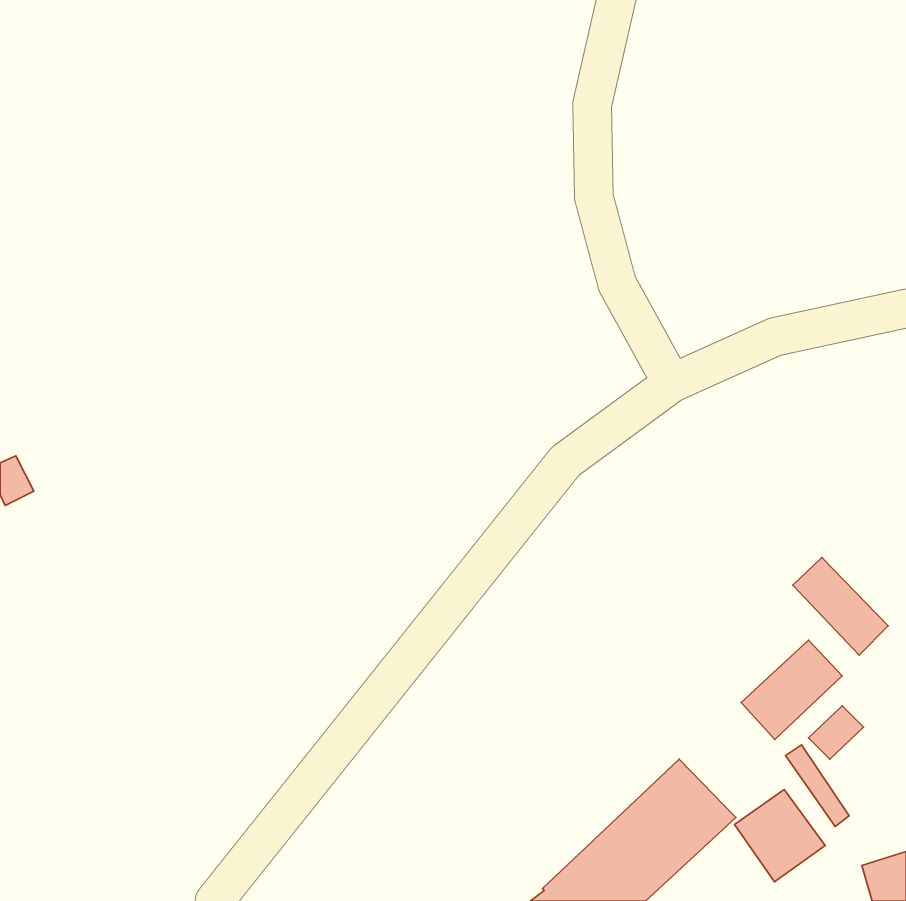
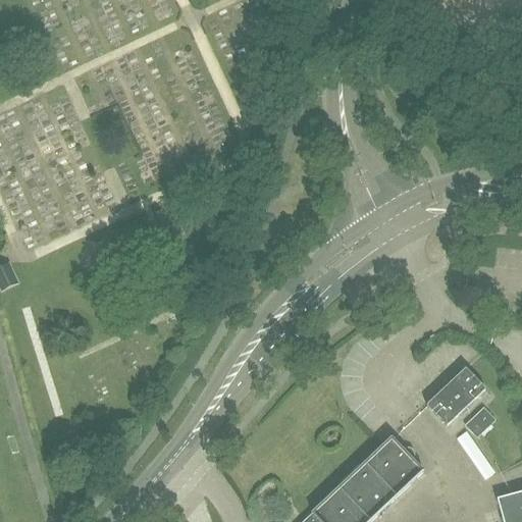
building: [793,558,888,655] -> none
building: [734,790,825,882] -> none

